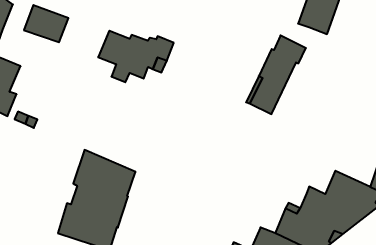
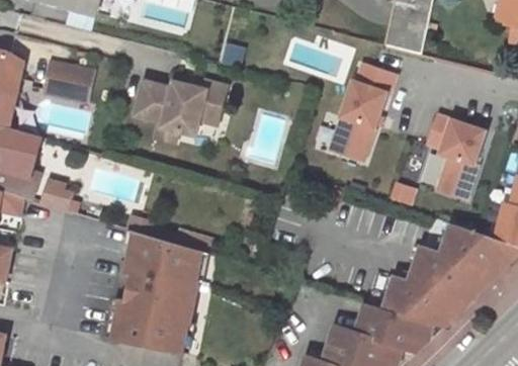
building: none -> [427,114,485,198]

